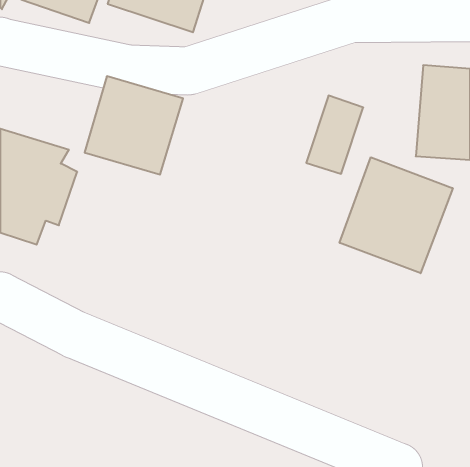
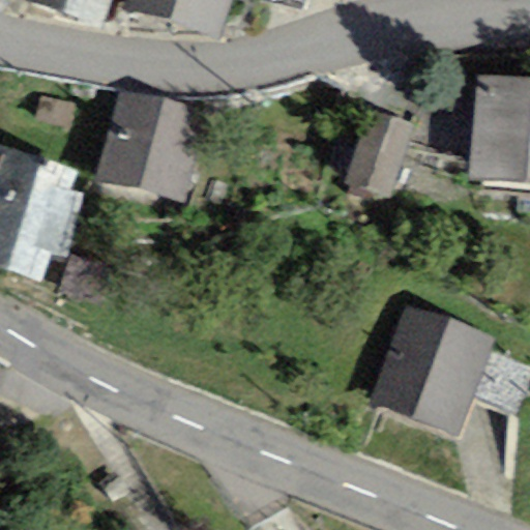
building: [340,157,453,273] -> none
building: none -> [372,304,495,437]

